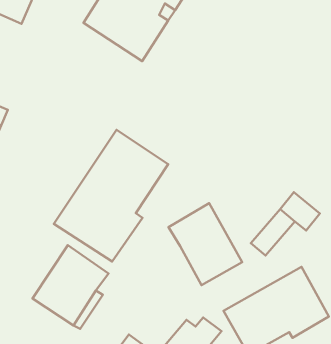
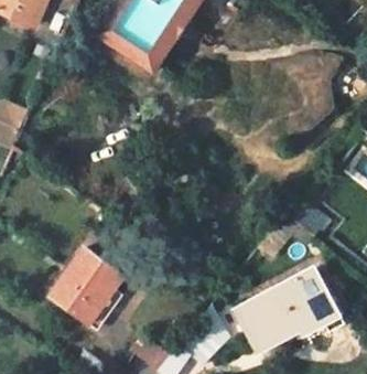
building: [54,130,168,261] -> none
building: [169,203,242,285] -> none

